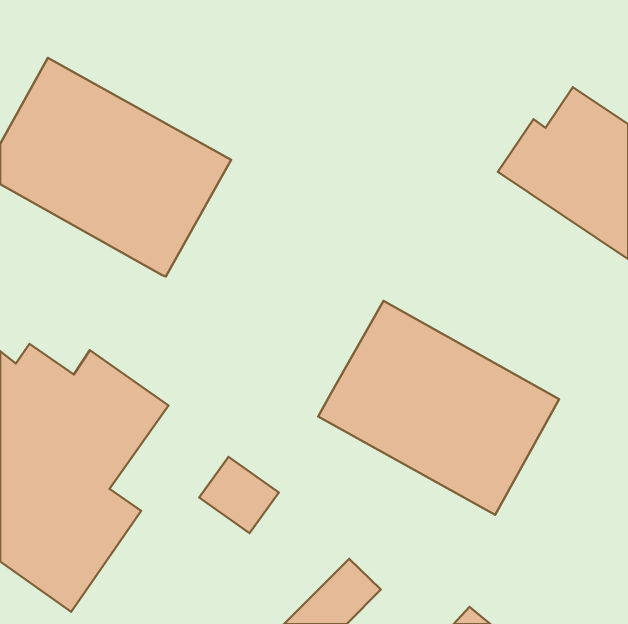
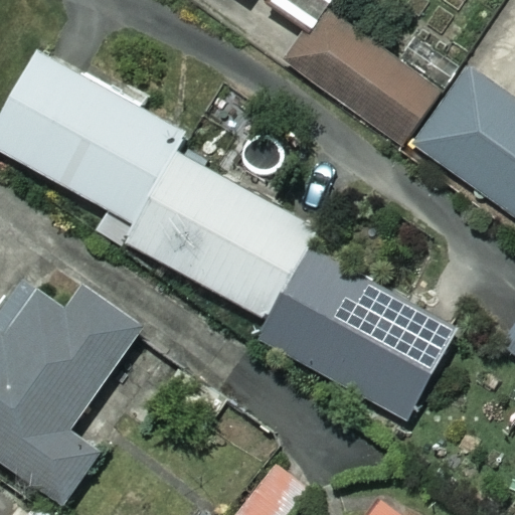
building: none -> [292,11,438,141]
building: none -> [127,151,322,323]

